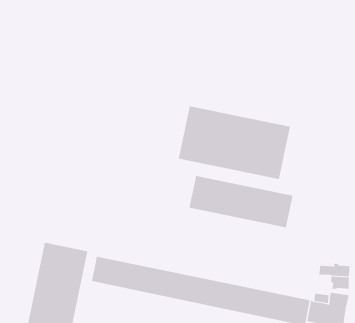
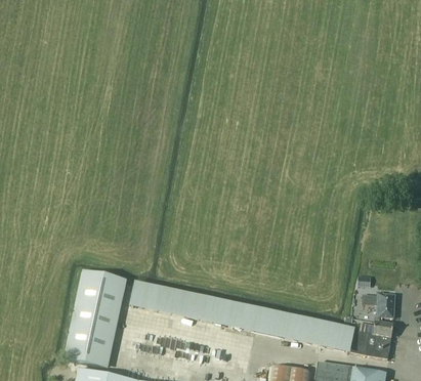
building: [178,105,290,180] -> none
building: [189,175,293,228] -> none

